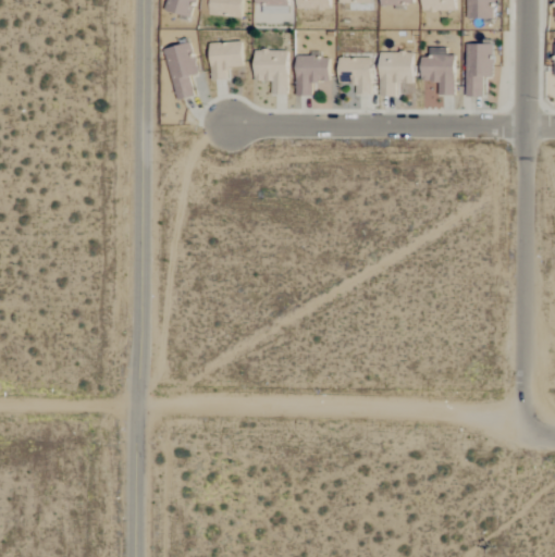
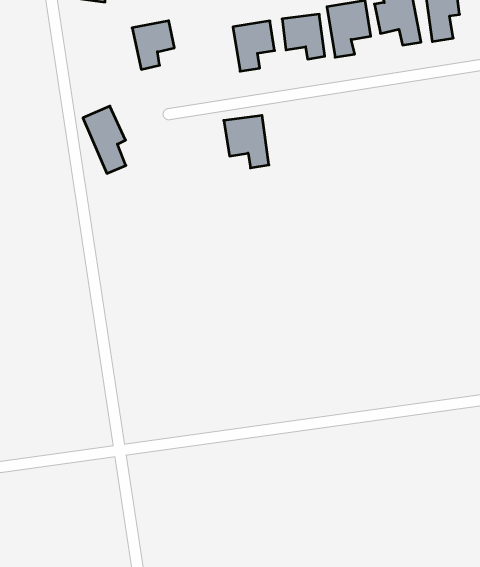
building: [164,41,198,99] -> [83,106,126,173]
building: [255,49,288,94] -> [224,115,269,168]

